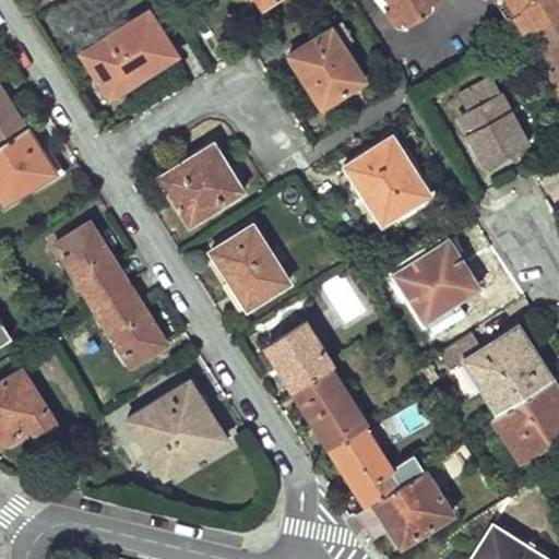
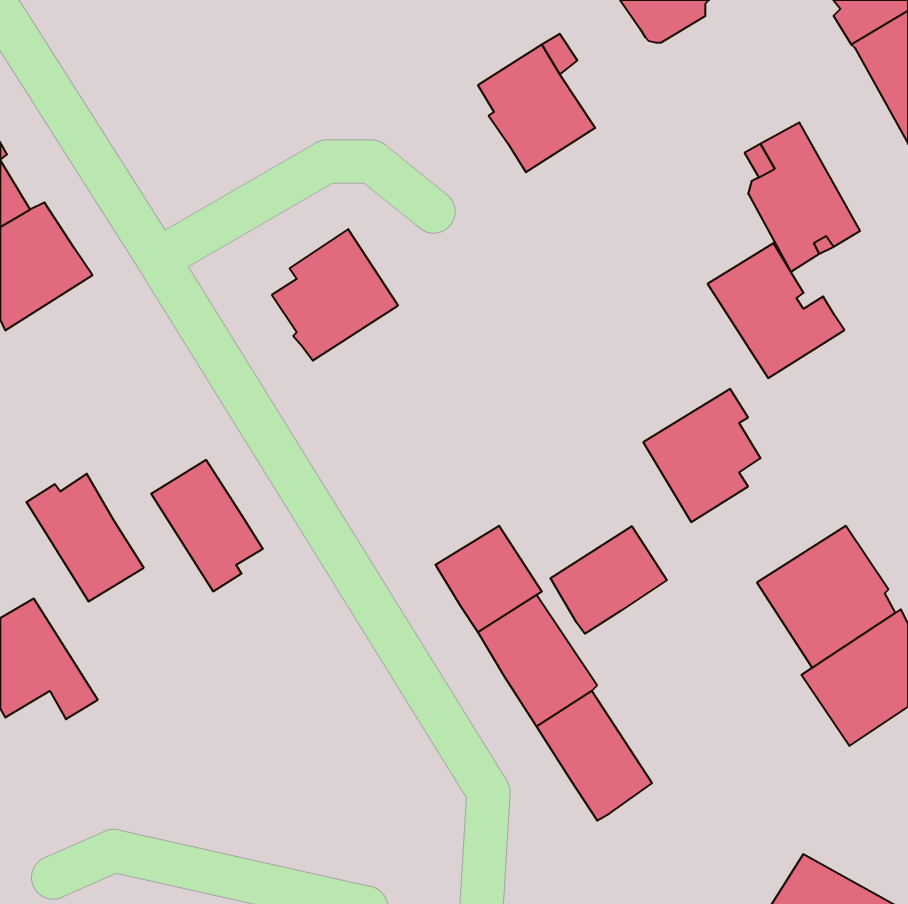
building: [84,13,177,105] -> none
building: [346,141,430,224] -> [708,243,844,378]
building: [214,226,290,313] -> none
building: [55,227,127,306] -> [26,474,144,602]
building: none -> [550,526,667,634]
building: [128,382,219,476] -> none
building: [374,469,452,545] -> none

